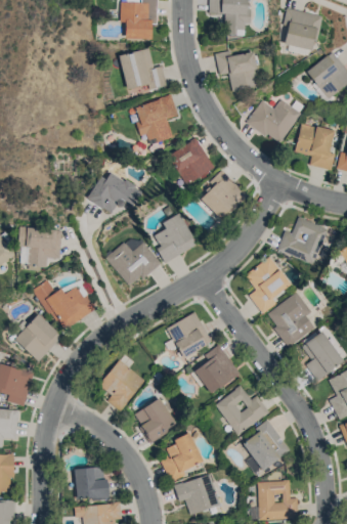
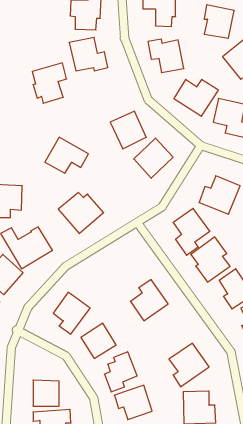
building: [135,95,177,144] -> [32,63,67,103]
building: [150,213,197,263] -> none
building: [167,312,212,358] -> none
building: [215,385,269,435] -> none

